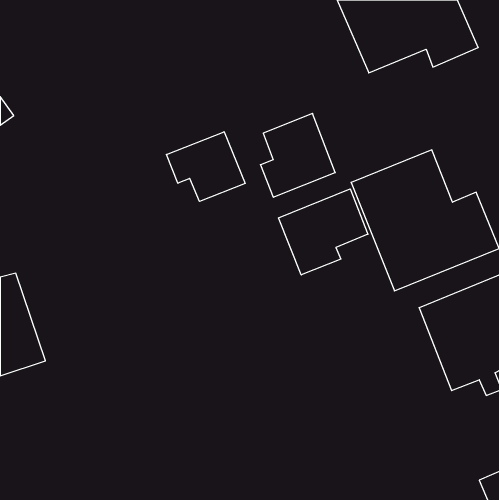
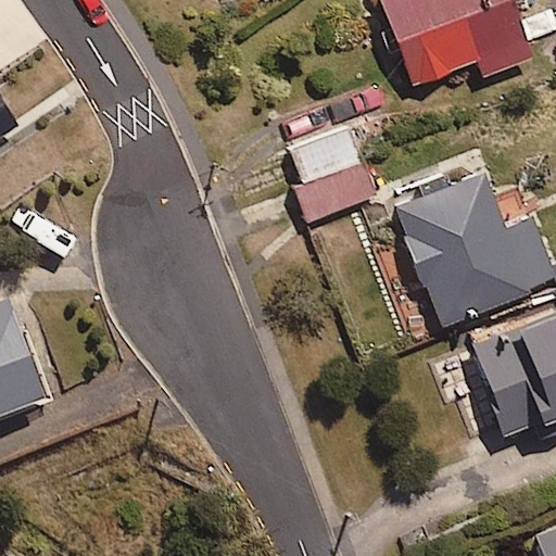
building: [166,132,245,201] -> none
building: [279,189,368,275] -> none

